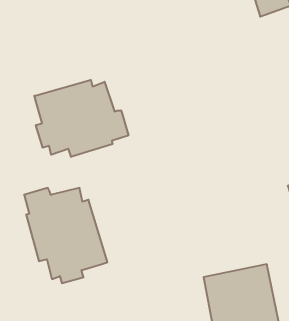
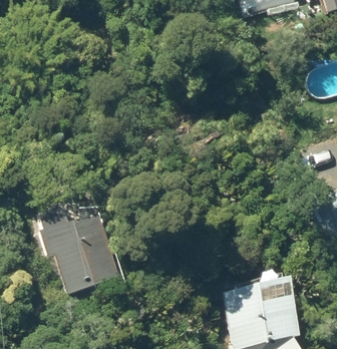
building: [34,80,128,157] -> none

